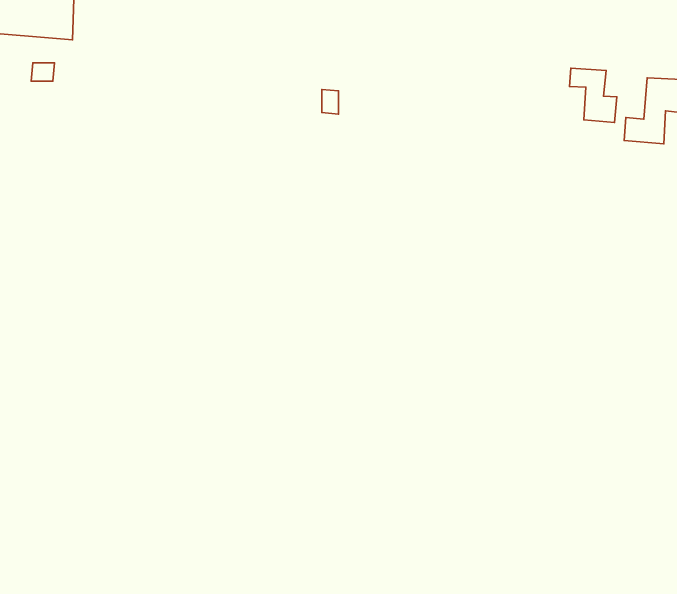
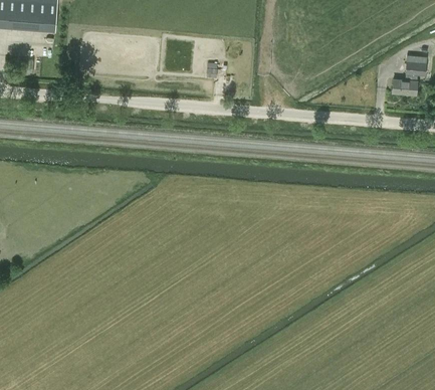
building: [570,68,617,123] -> none

